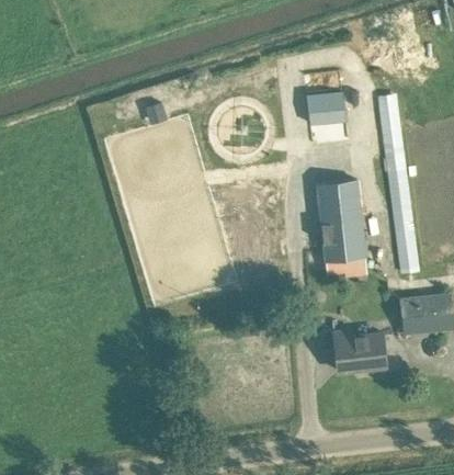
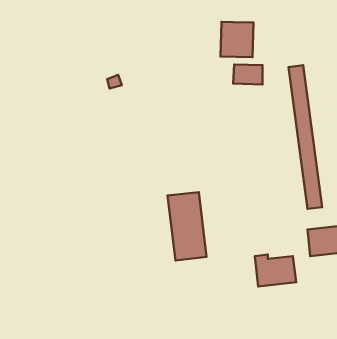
building: none -> [221,22,253,57]
building: [318,186,367,273] -> [168,192,207,260]

